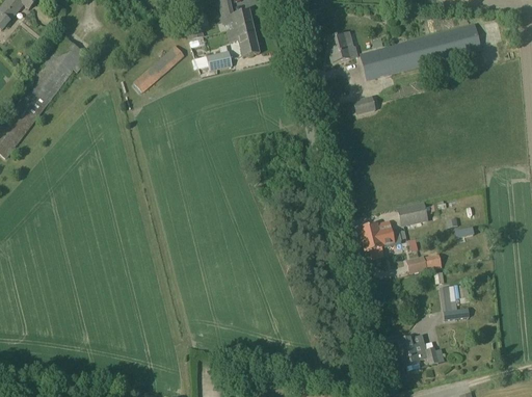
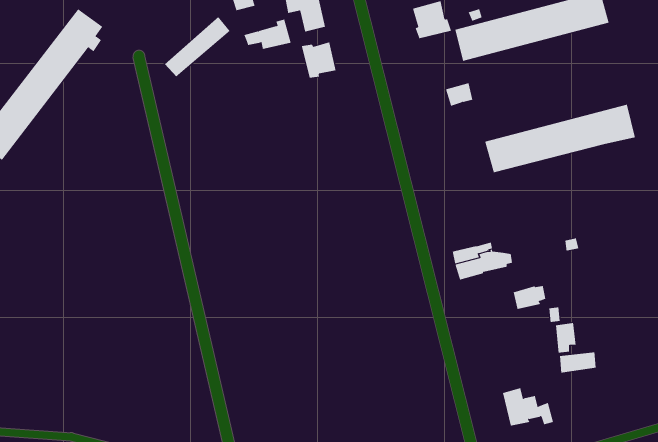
building: none -> [301,42,336,78]
building: none -> [485,104,635,173]
building: [398,203,428,226] -> none

